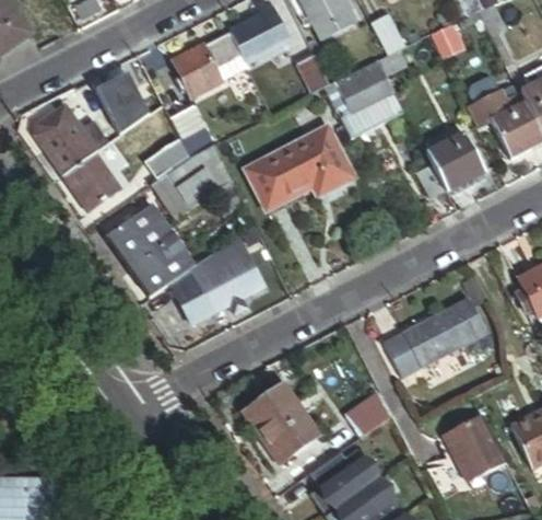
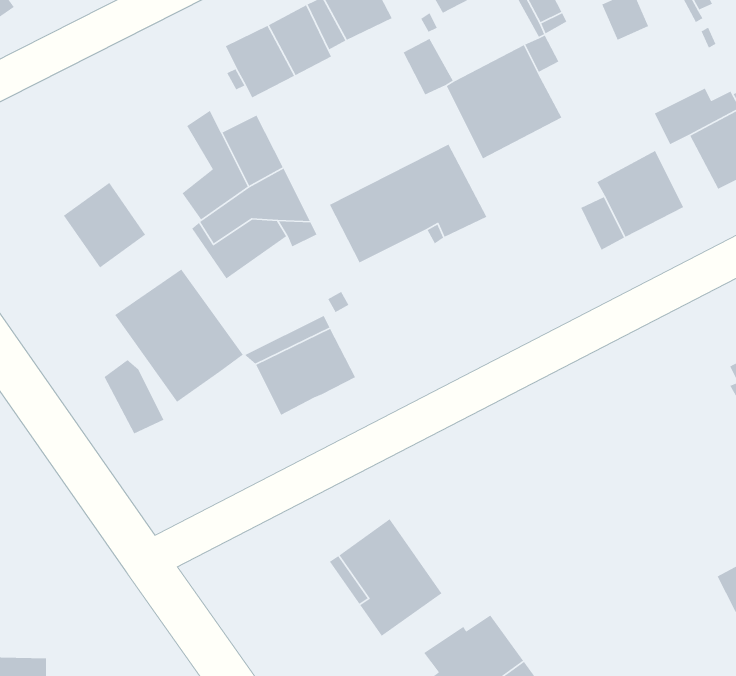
building: [96,71,150,134] -> none
building: [35,103,97,175] -> none
building: [170,270,212,322] -> [103,359,164,435]
building: [382,299,485,375] -> none
building: [346,395,392,438] -> none
building: [440,413,506,482] -> none

